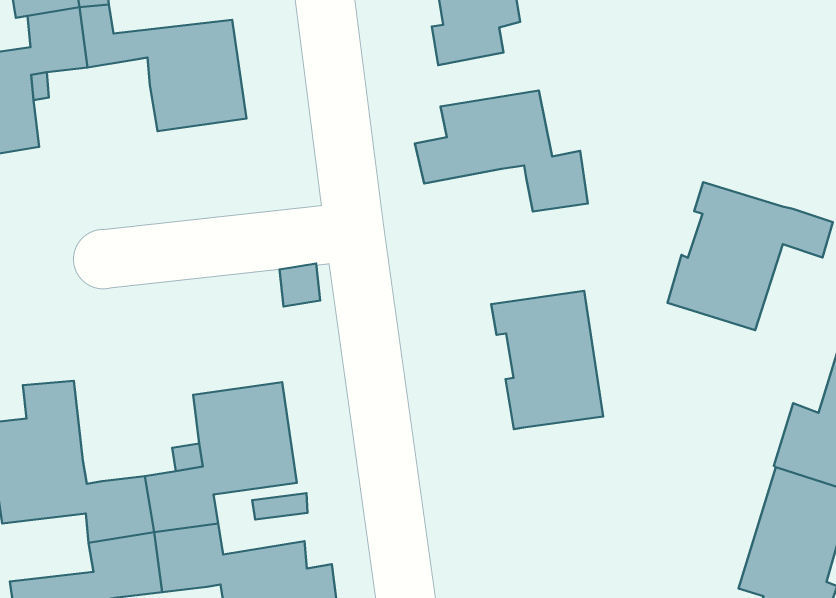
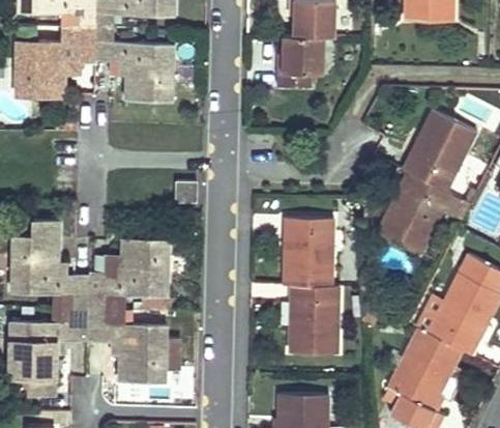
building: none -> [400,109,475,192]
building: [415,90,588,212] -> none
building: none -> [291,285,341,353]

